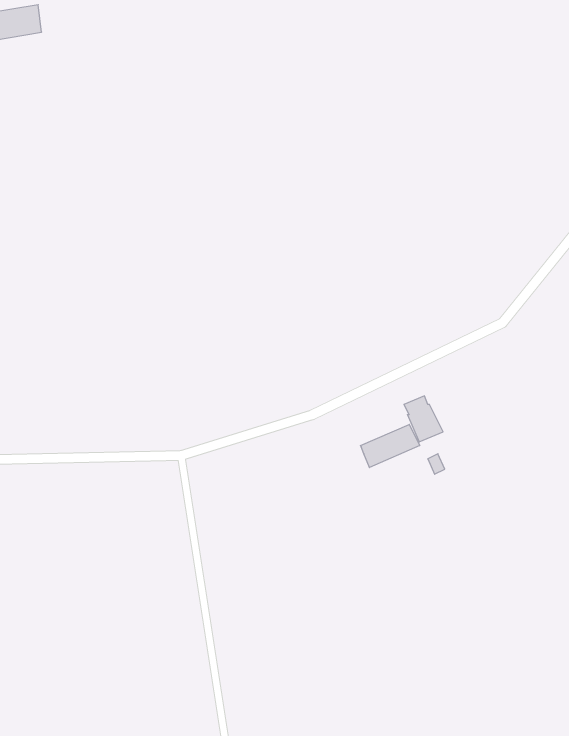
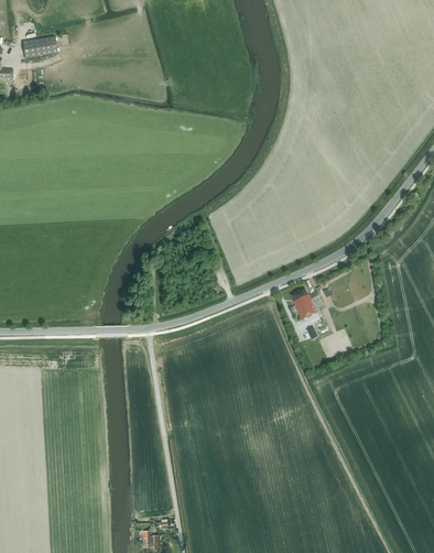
building: [360,424,420,468] -> none

